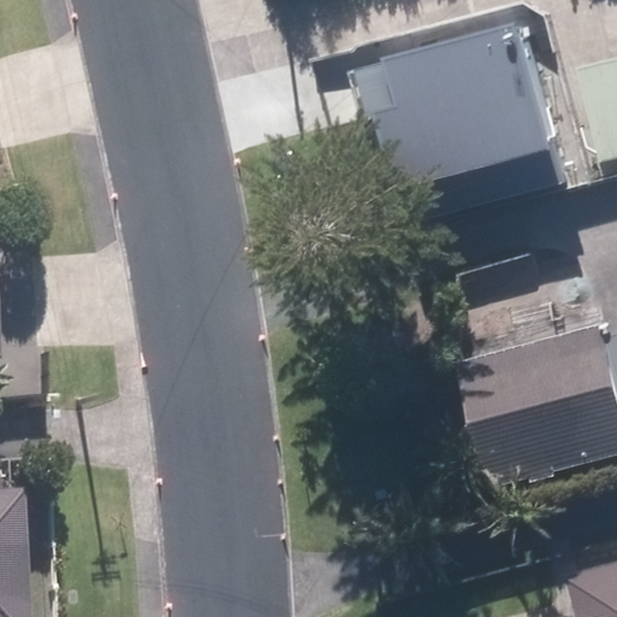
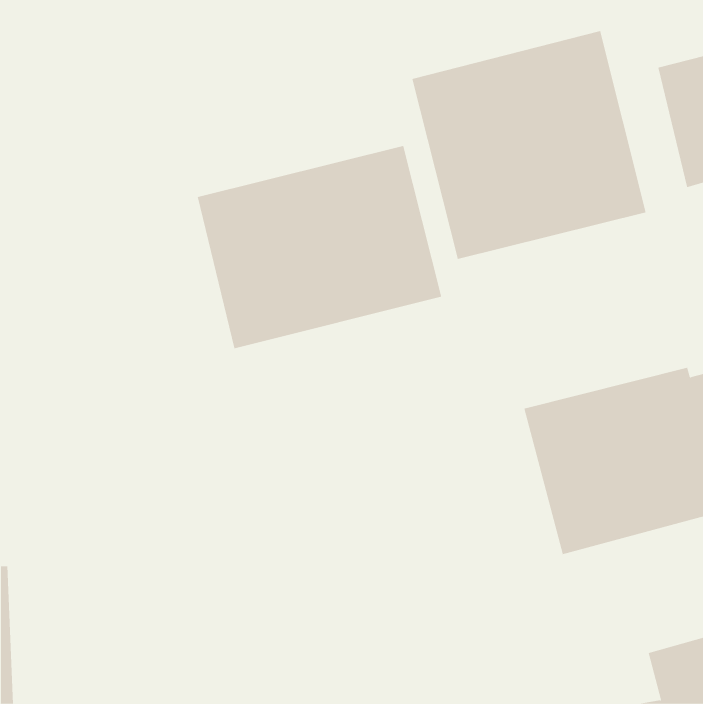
building: none -> [197,145,442,349]

